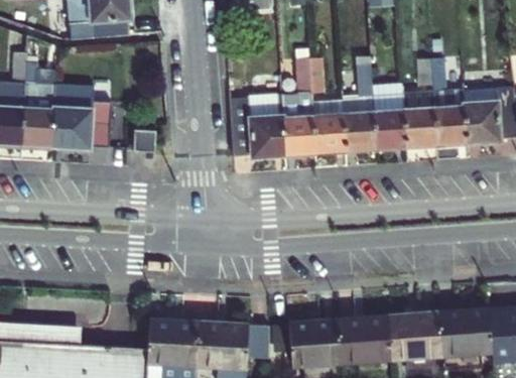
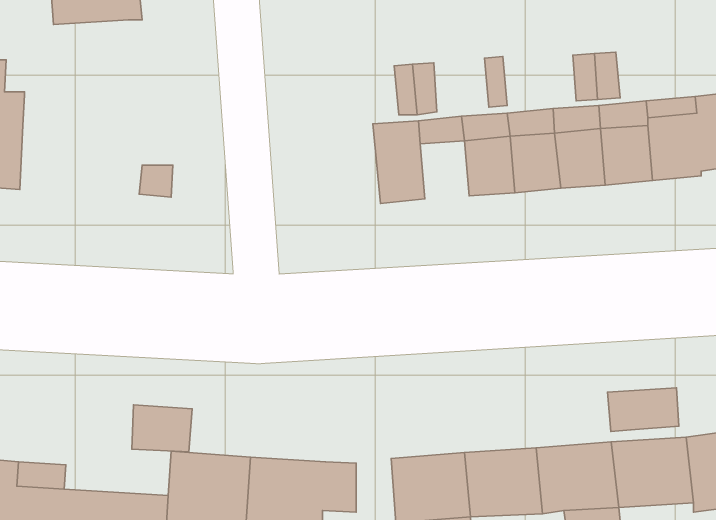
building: [48,85,104,149] -> none
building: [233,104,286,159] -> none
building: [312,115,345,153] -> none
building: none -> [607,388,679,432]
building: none -> [132,405,192,452]

